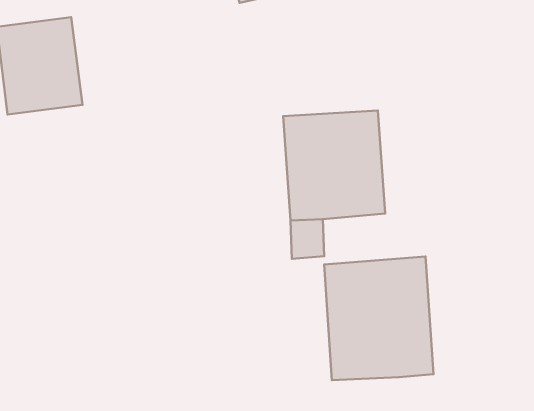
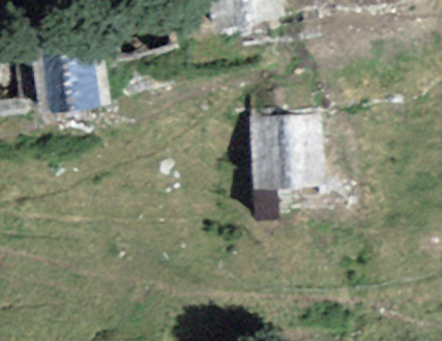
building: [324,257,433,380] -> none

